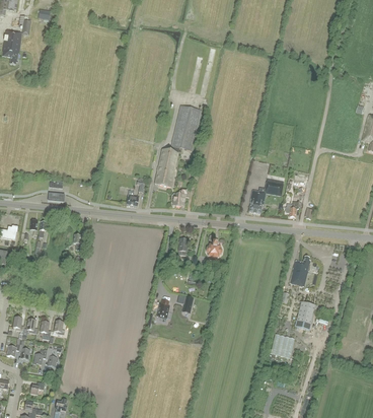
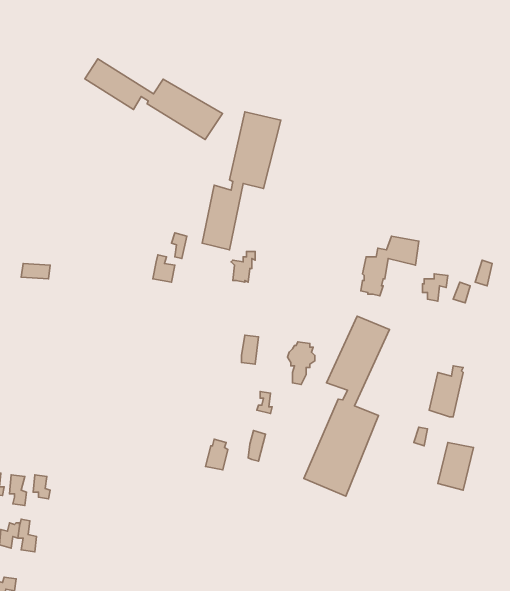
building: none -> [85,59,222,139]
building: none -> [304,316,389,496]

